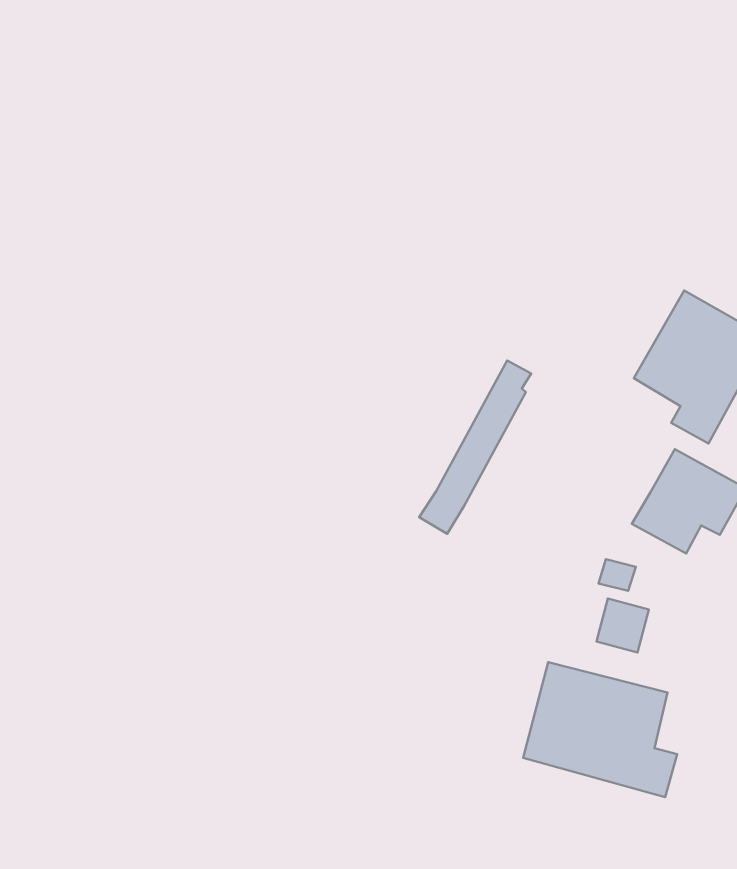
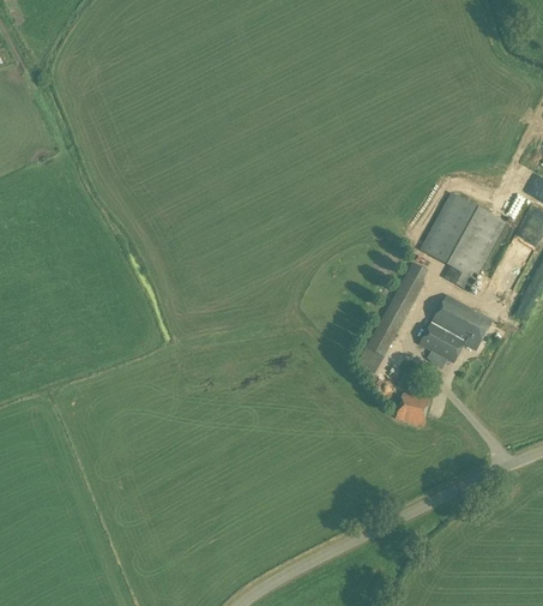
building: [419,360,531,534] -> [356,262,428,373]
building: [523,662,677,797] -> none

